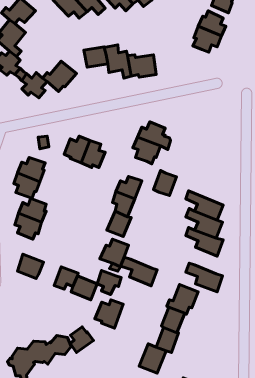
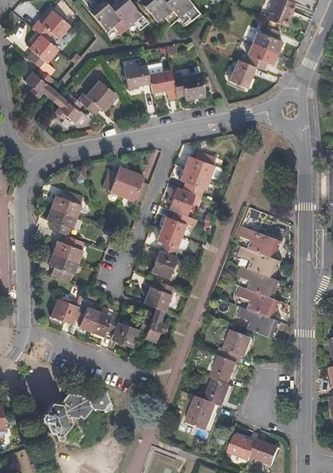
building: none -> [229,60,256,88]
building: [153,171,177,196] -> [168,186,194,214]
building: [121,257,157,286] -> [238,287,279,319]
building: none -> [74,304,99,332]
building: [95,300,123,328] -> none
building: [70,327,94,352] -> none

